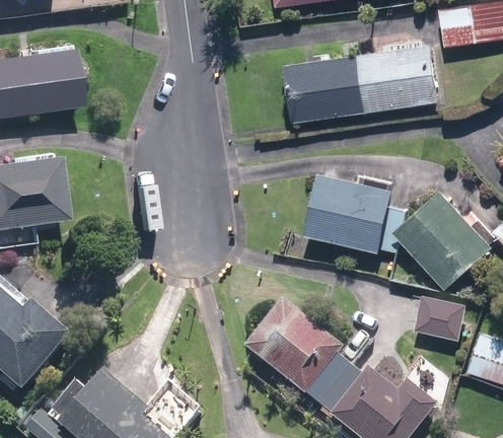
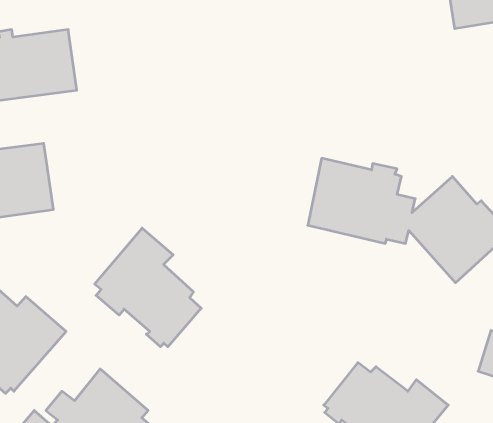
building: [283,45,438,122] -> none
building: none -> [95,228,201,347]
building: [414,293,468,340] -> none
building: [246,299,352,406] -> none

